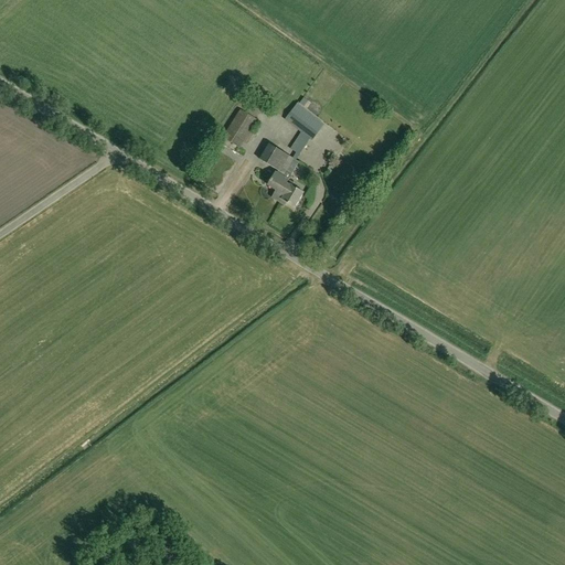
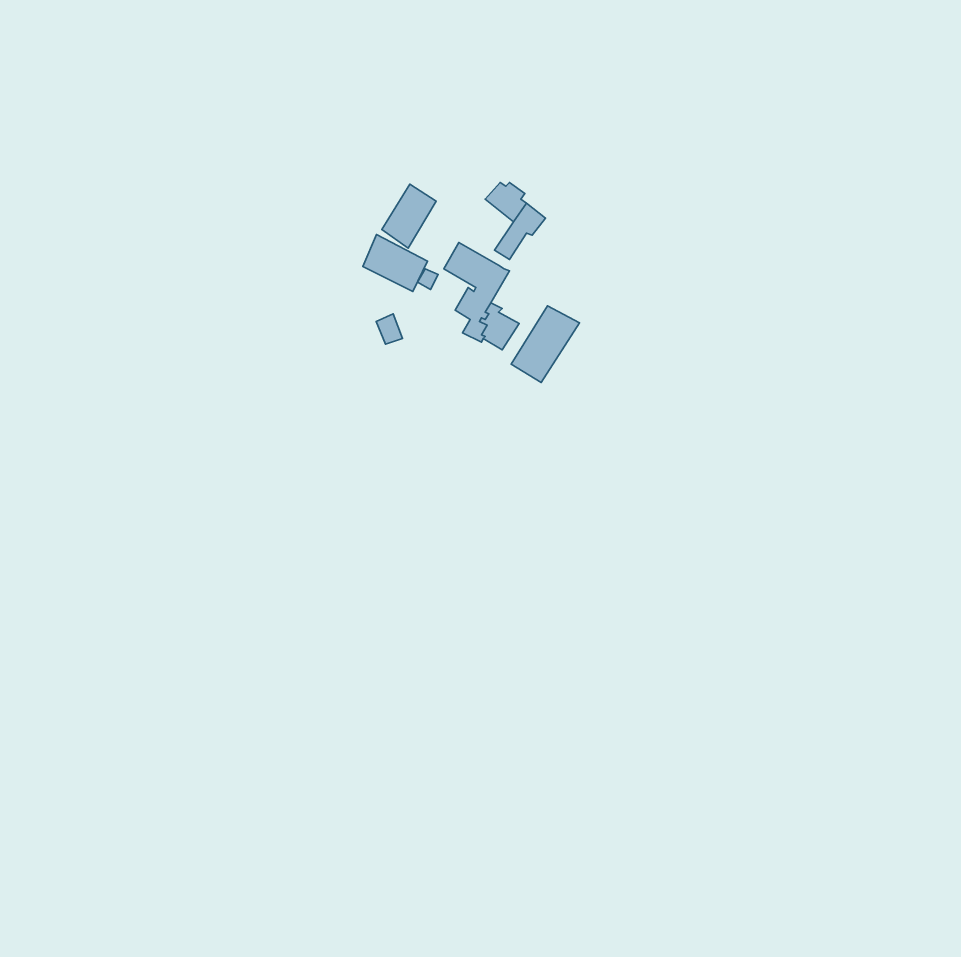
building: none -> [363,234,428,292]
building: none -> [511,306,580,382]

